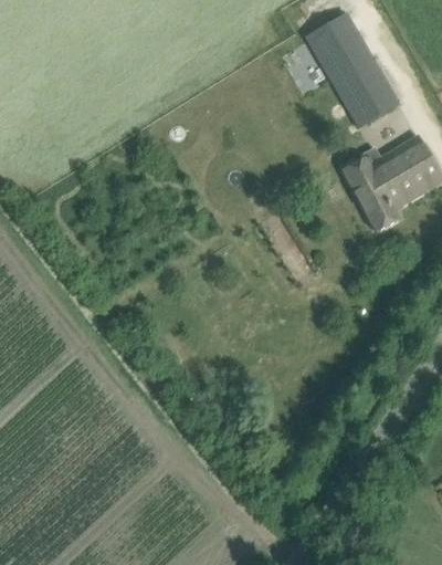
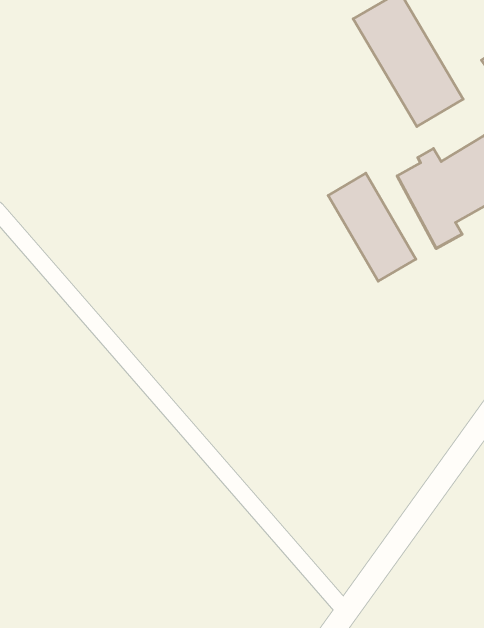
building: none -> [328,173,416,281]

